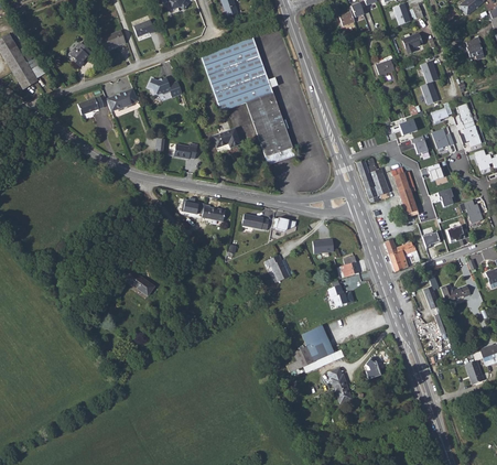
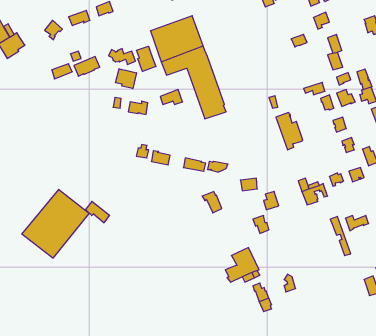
building: none -> [137,46,156,71]
building: none -> [116,69,136,89]
building: [391,166,419,216] -> none
building: none -> [22,189,89,258]

